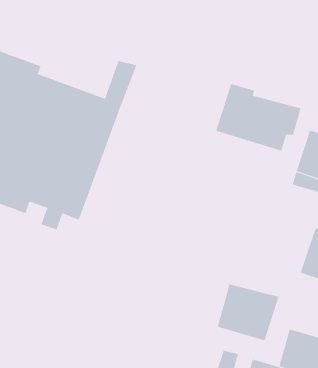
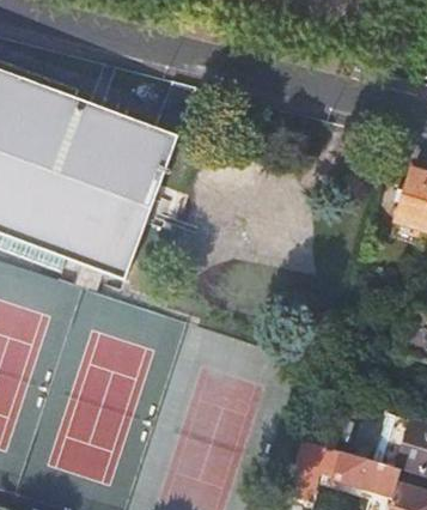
building: [216,83,301,152] -> none
building: [217,283,279,341] -> none

